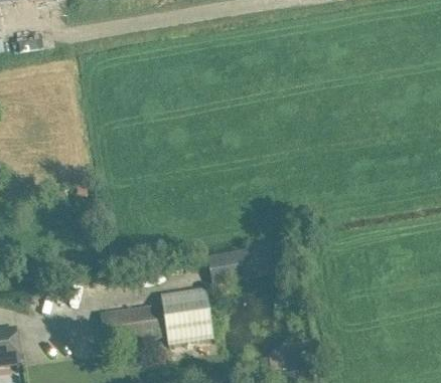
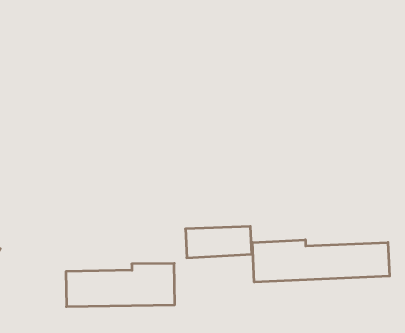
building: none -> [252,240,390,282]

